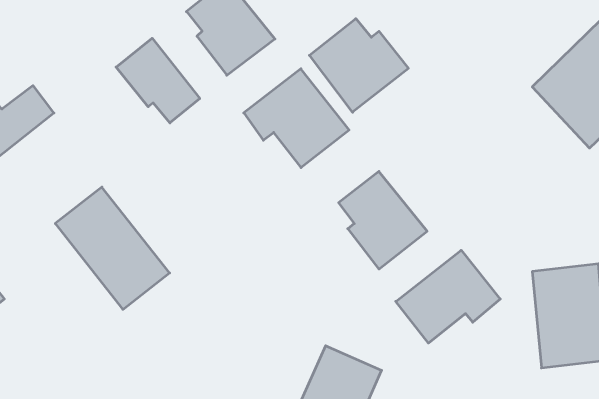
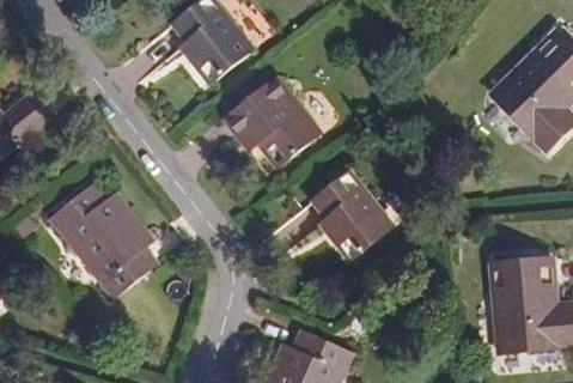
building: [309,19,408,112] -> none
building: [116,38,200,123] -> none
building: [396,250,500,343] -> none

